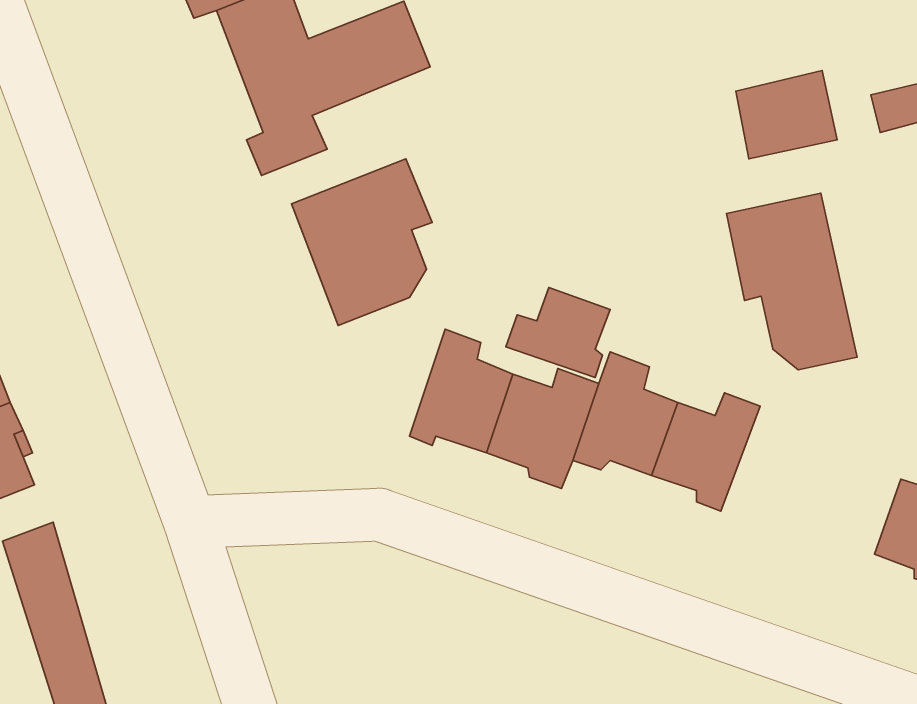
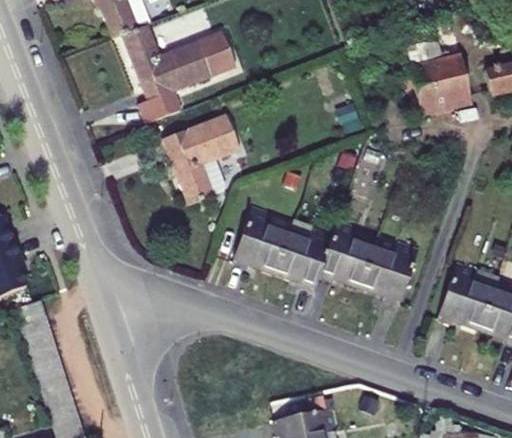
building: [726,193,857,370] -> none
building: [506,288,610,377] -> none
building: none -> [438,259,494,324]

